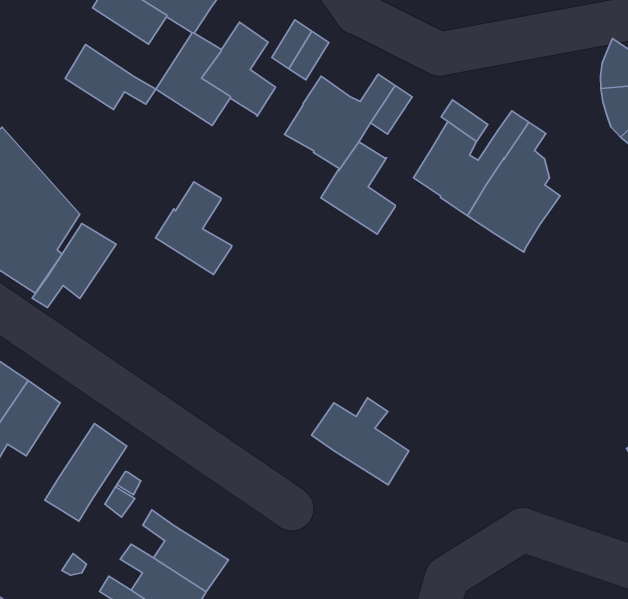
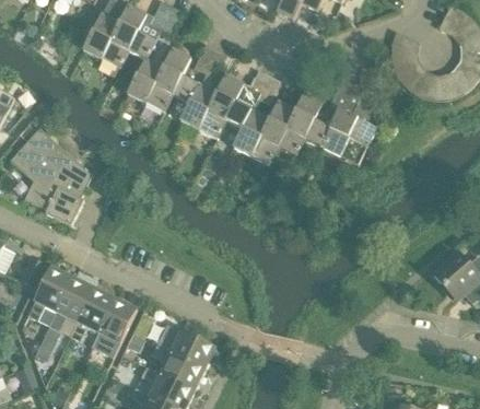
building: [65,45,156,109] -> none
building: none -> [260,100,304,154]
building: [156,182,232,274] -> [179,83,225,137]
building: [32,223,116,308] -> [69,287,115,339]
building: [311,398,409,485] -> [155,317,214,367]

